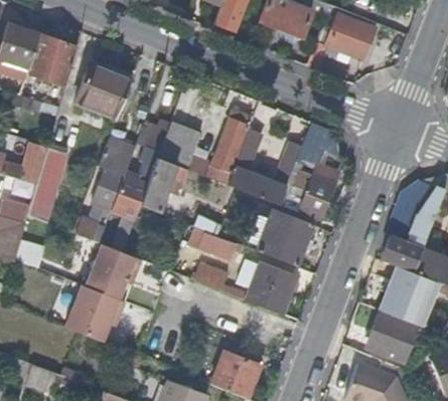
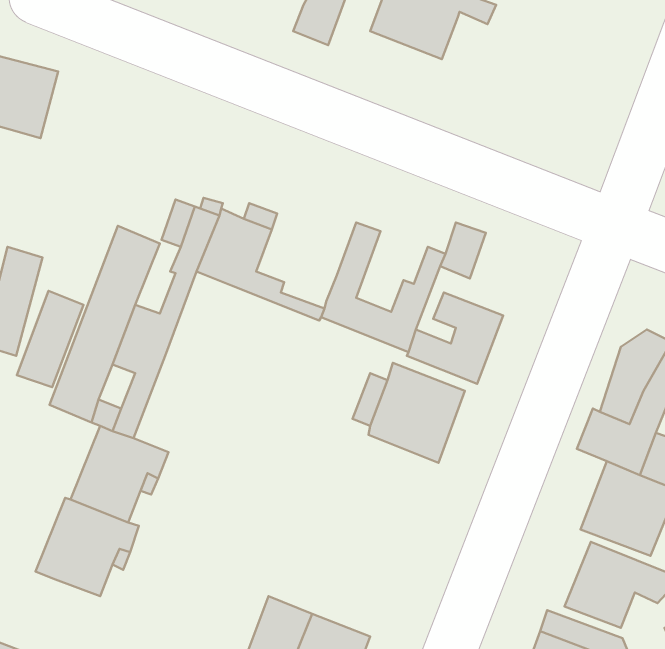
building: [306,15,376,68] -> none
building: [79,56,137,114] -> none
building: [210,110,249,174] -> none
building: [140,157,178,212] -> [17,291,84,387]
building: [193,227,247,264] -> none
building: [194,261,296,315] -> none

